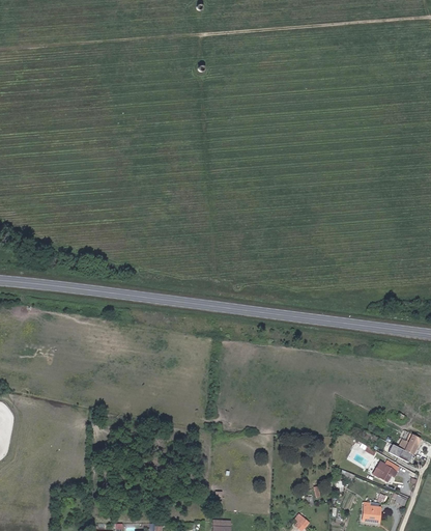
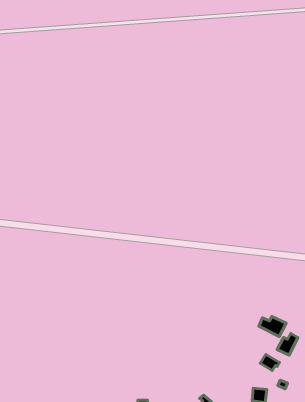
building: none -> [259,317,286,336]

